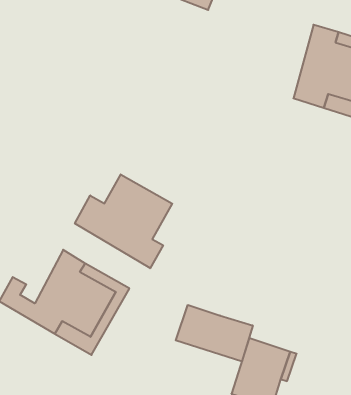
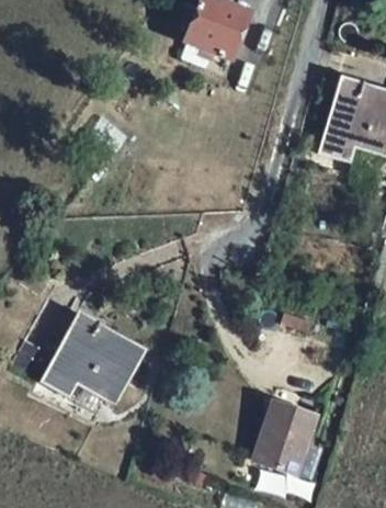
building: [75,174,172,268] -> none
building: [176,305,253,362] -> none

